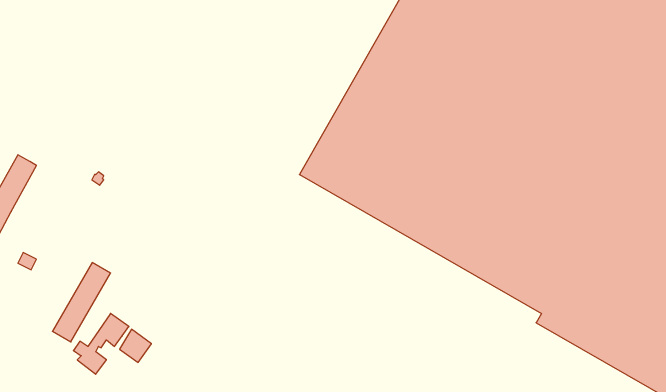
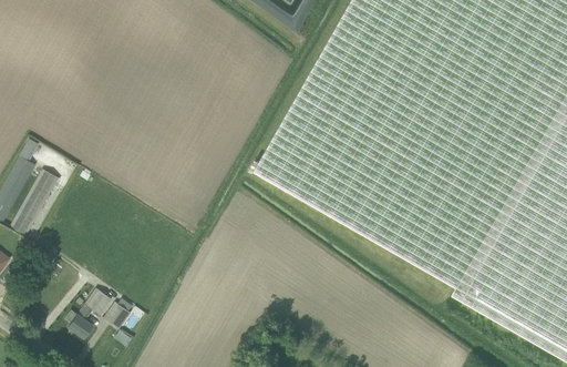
building: [52,263,111,342] -> [11,169,60,235]

